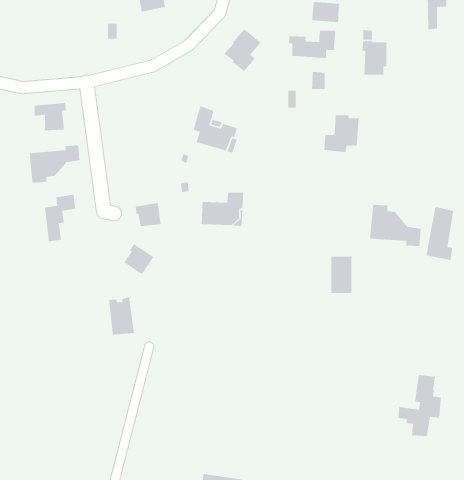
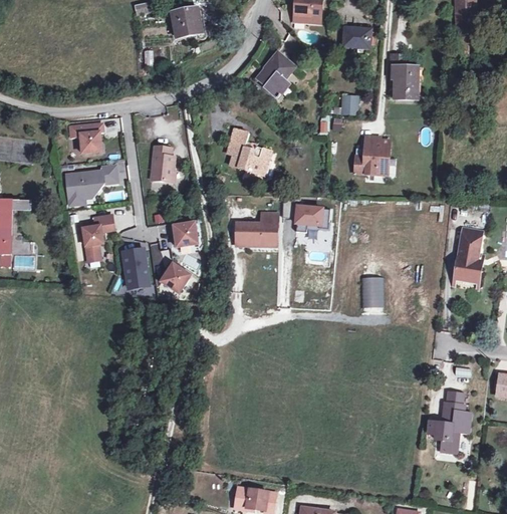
building: [288,30,336,59] -> none
building: none -> [152,147,172,181]
building: none -> [294,203,322,224]
building: [369,204,421,247] -> none
building: [108,296,135,335] -> [121,248,148,286]

